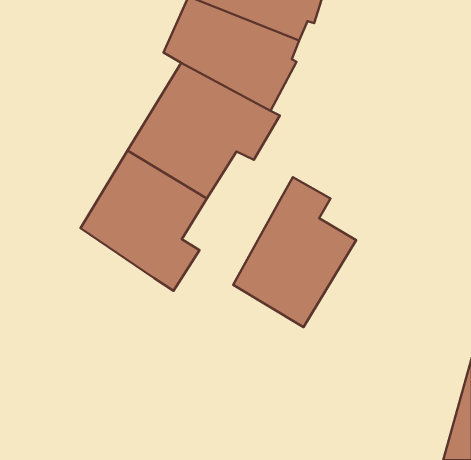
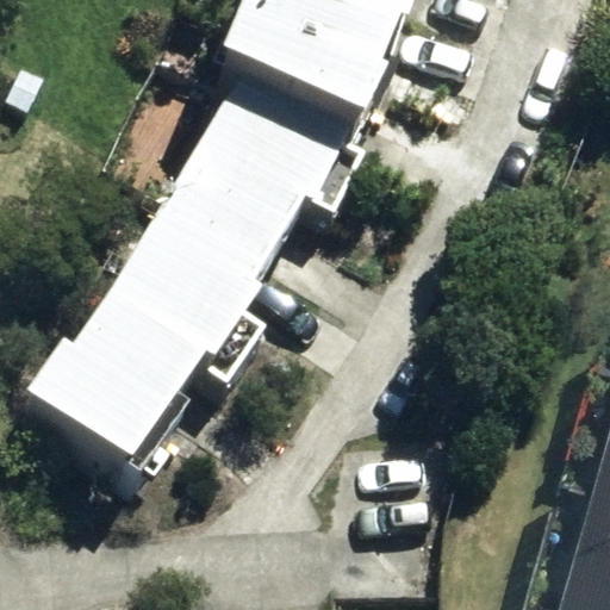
building: [233,177,356,327] -> none
building: none -> [26,294,200,469]

